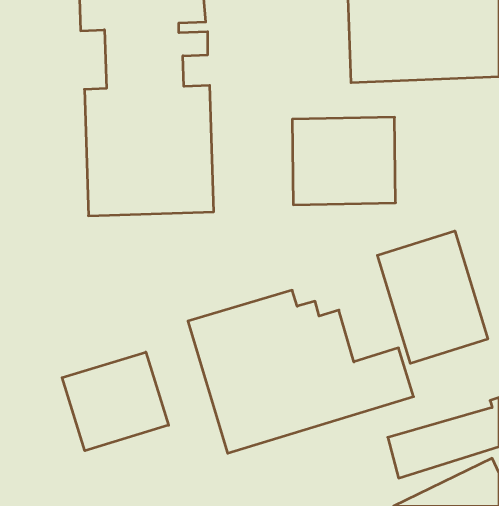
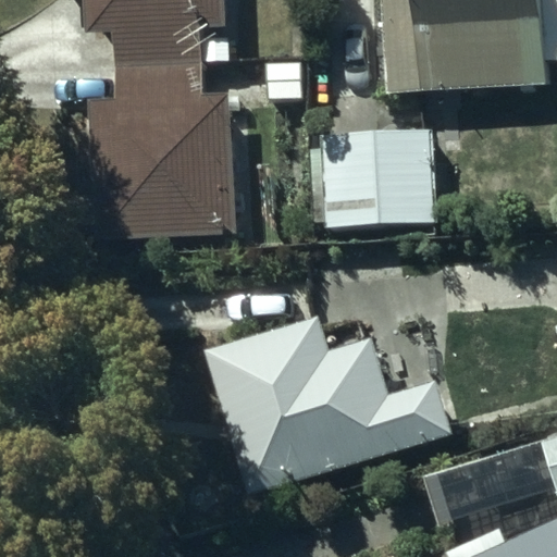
building: [377,231,488,363] -> none
building: [62,352,169,451] -> none

